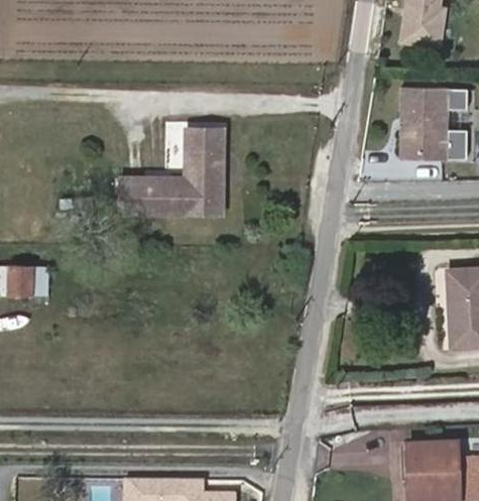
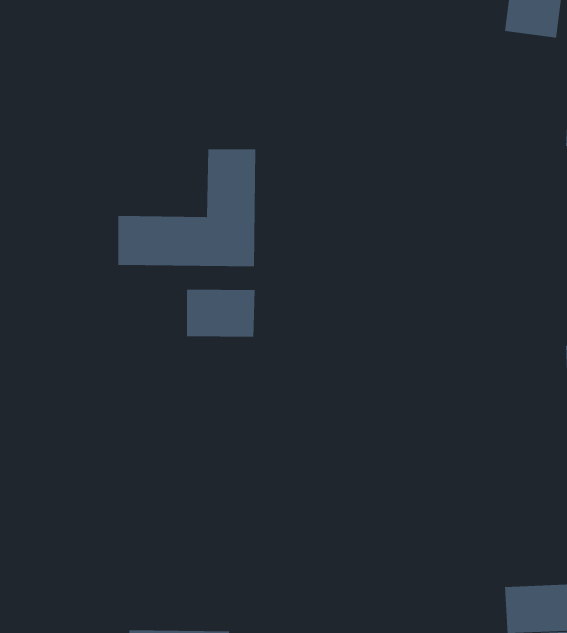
building: [399,85,445,156] -> none
building: none -> [186,289,255,338]

